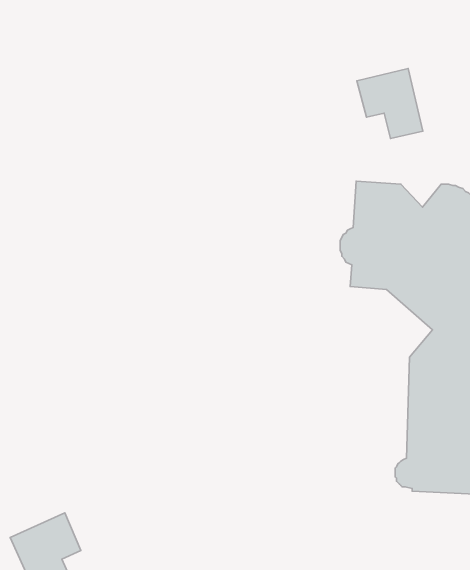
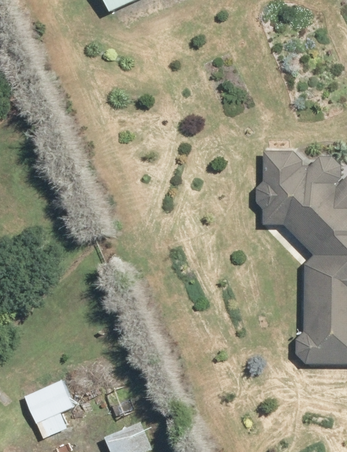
building: [357,68,423,139] -> none

